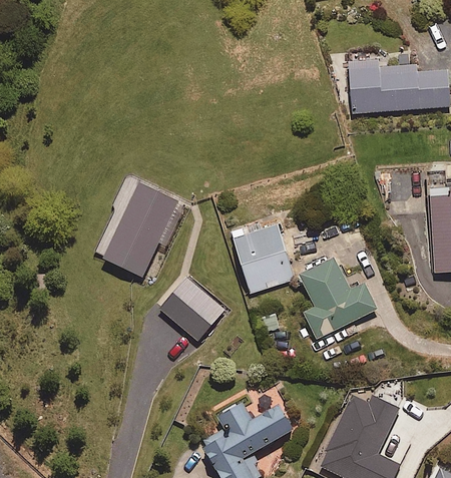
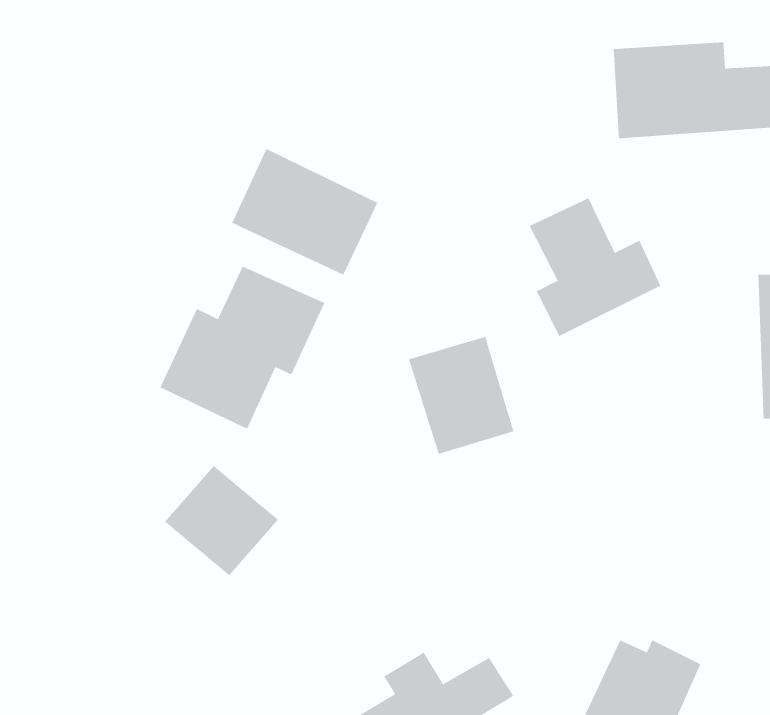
building: none -> [231,148,378,275]
building: [300,260,375,339] -> [529,198,661,337]
building: [159,277,224,340] -> [164,465,279,576]

